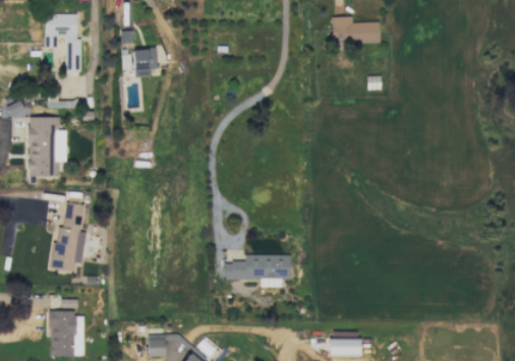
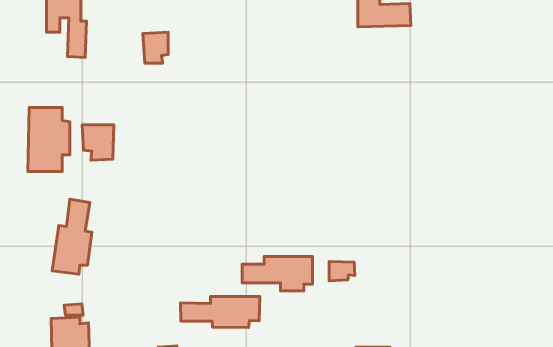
building: none -> [82,125,114,160]
building: none -> [329,261,355,281]
building: none -> [180,296,260,328]

